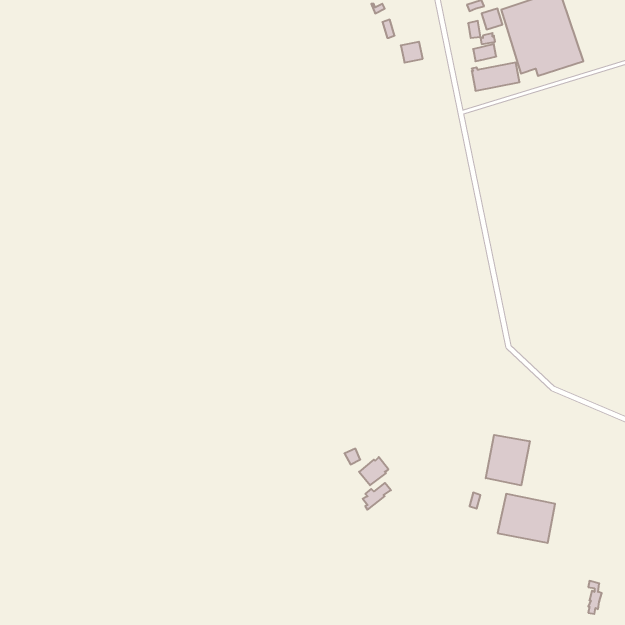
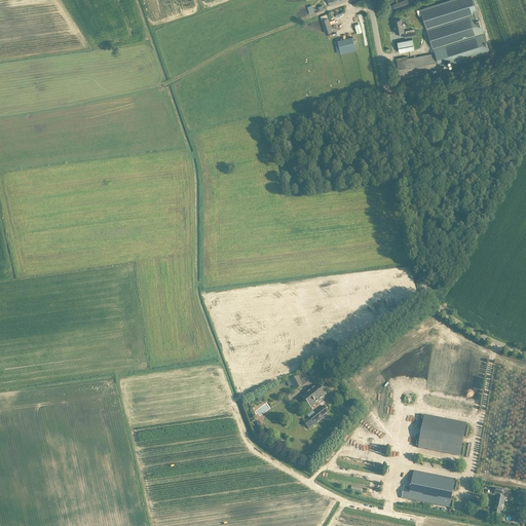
building: [486,435,530,485] -> none
building: none -> [408,471,454,506]

